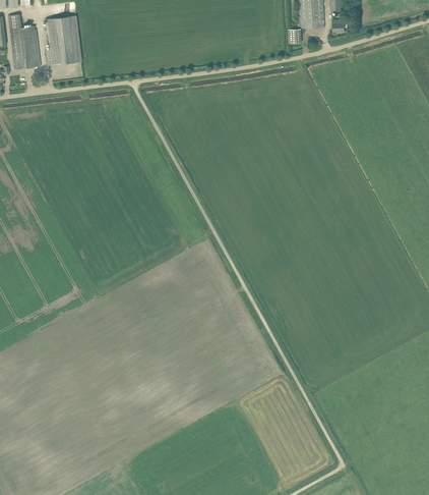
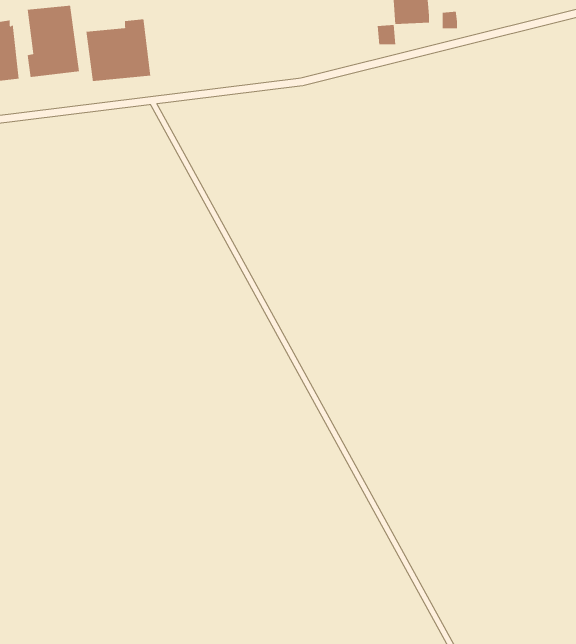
building: none -> [86,19,151,82]

